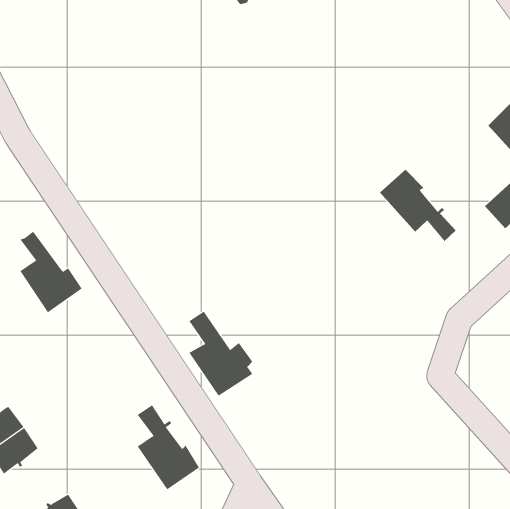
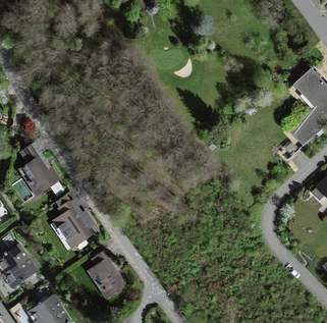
building: [379,169,457,242] -> none
building: [188,311,253,397] -> [57,194,95,244]

